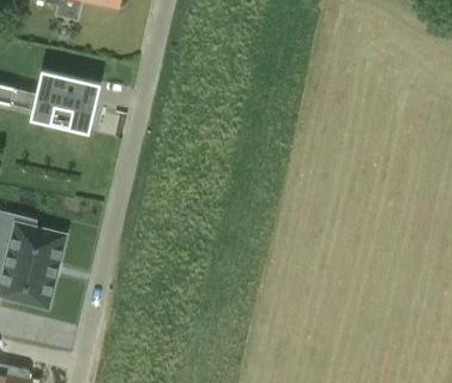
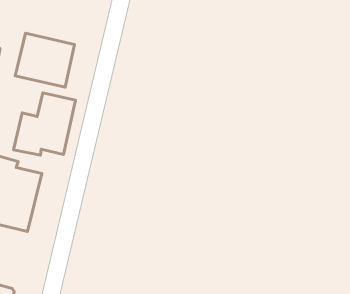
building: none -> [13,93,76,155]

